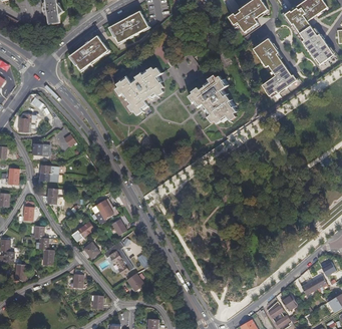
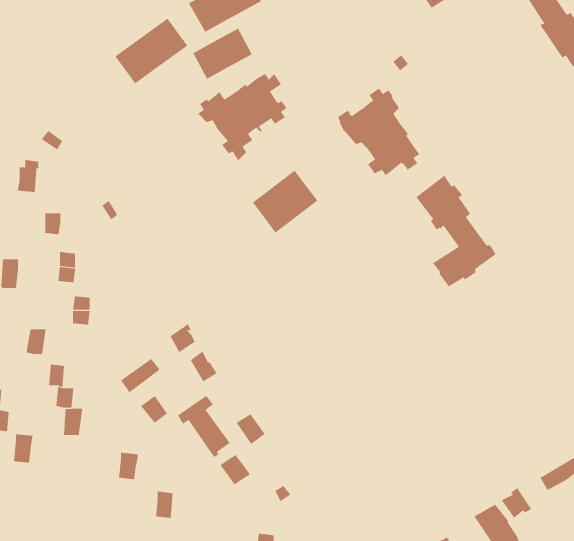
building: [252,36,296,97] -> [415,175,496,287]
building: none -> [192,28,252,80]
building: none -> [252,170,318,233]

